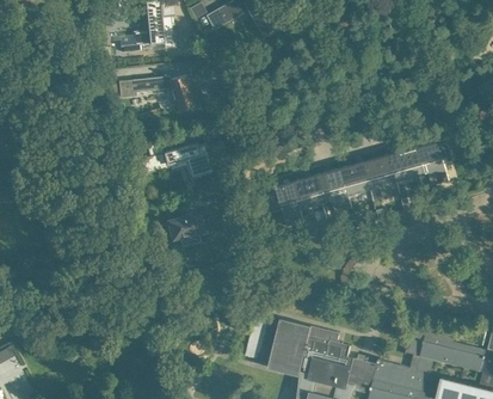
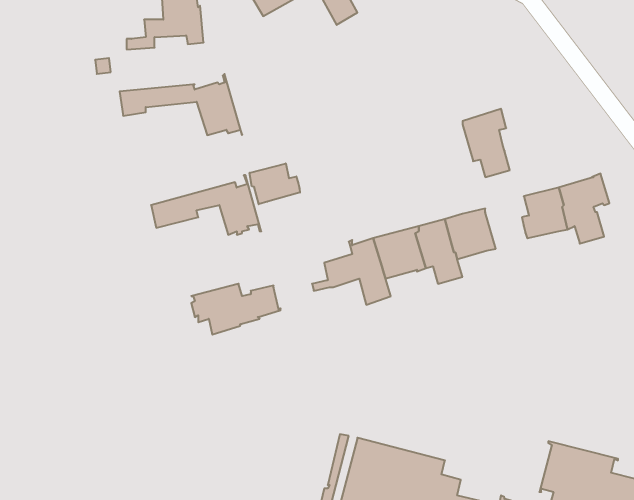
building: none -> [250,163,300,204]
building: [365,154,398,201] -> [463,109,510,177]

